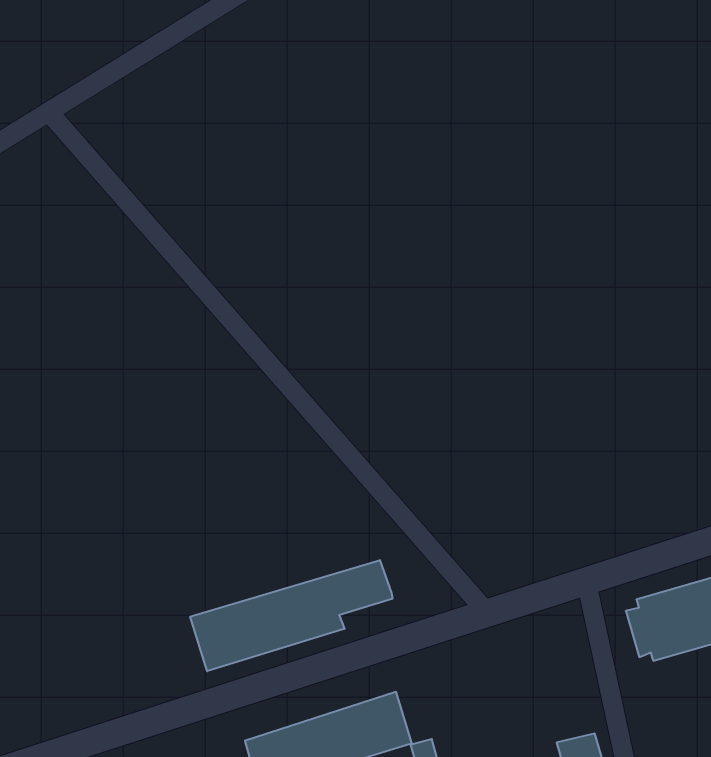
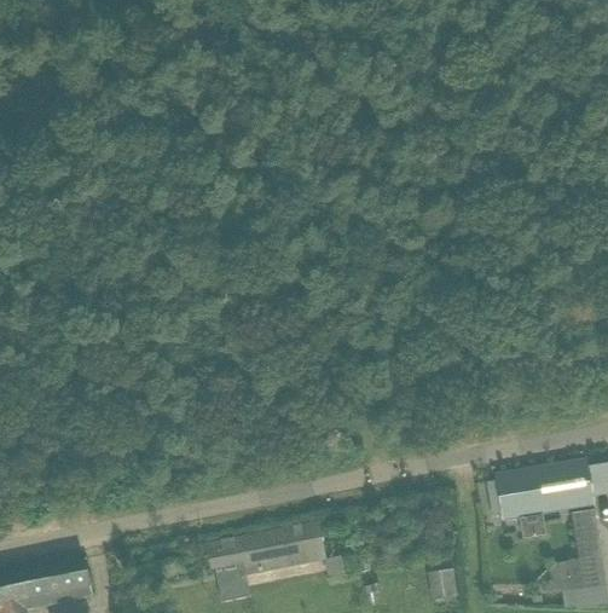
building: [190,560,392,671] -> none

